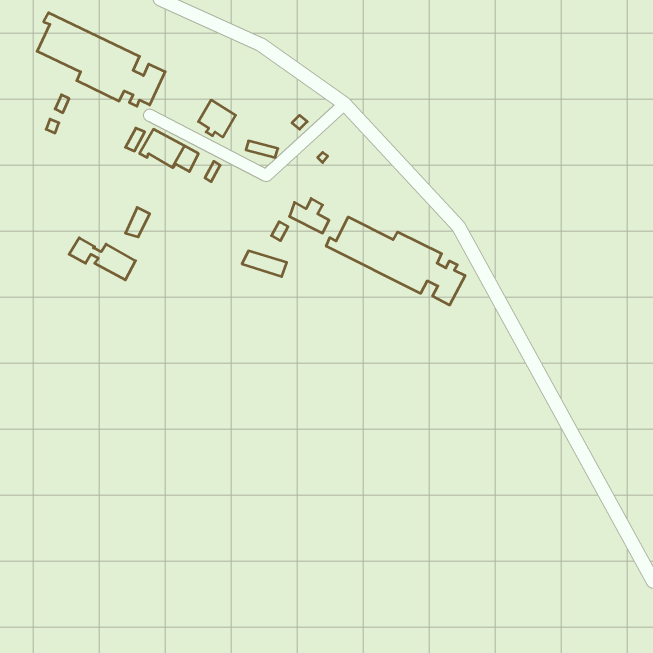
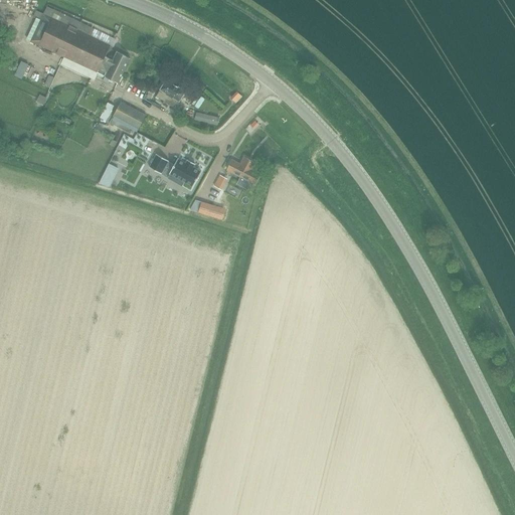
building: [326,217,465,305] -> none
building: [69,238,136,280] -> [148,153,200,186]

